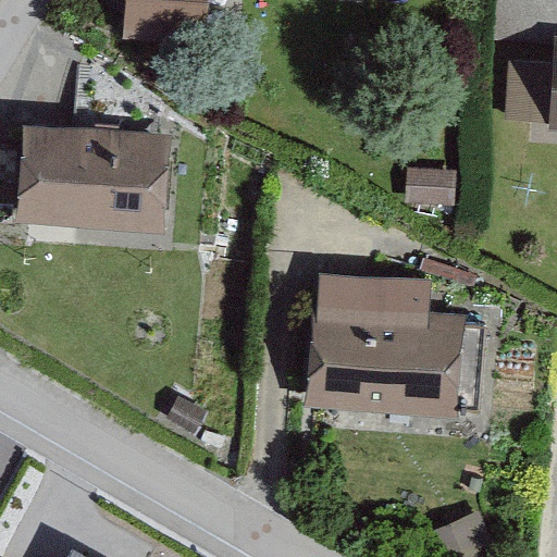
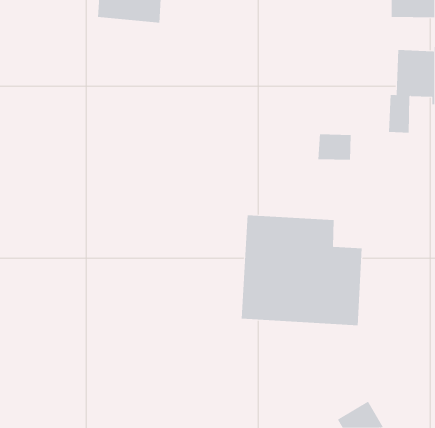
building: [18,122,172,230] -> none

